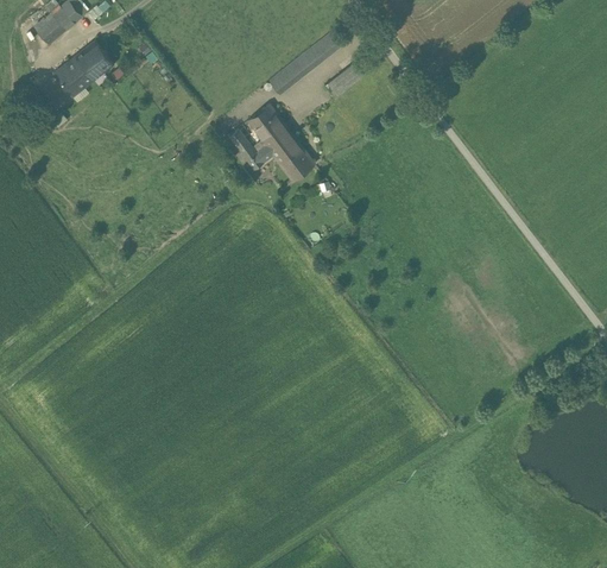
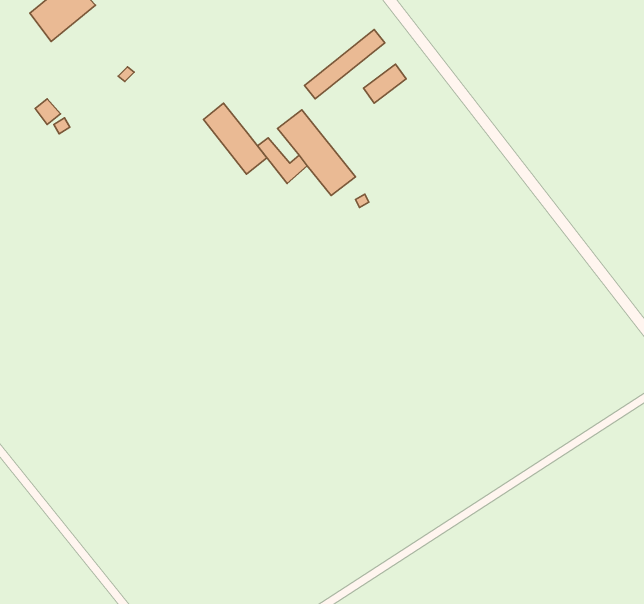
building: [50,42,110,97] -> none
building: none -> [203,103,267,174]

